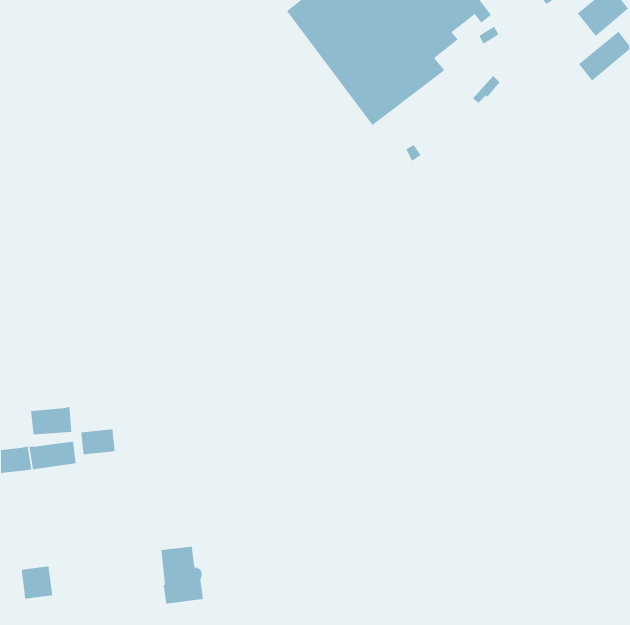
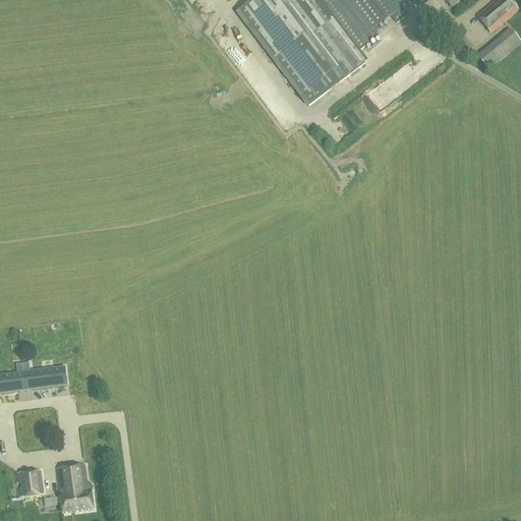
building: [30,406,72,435] -> none
building: [81,428,115,455] -> none
building: [161,546,204,604] -> [58,462,94,510]

